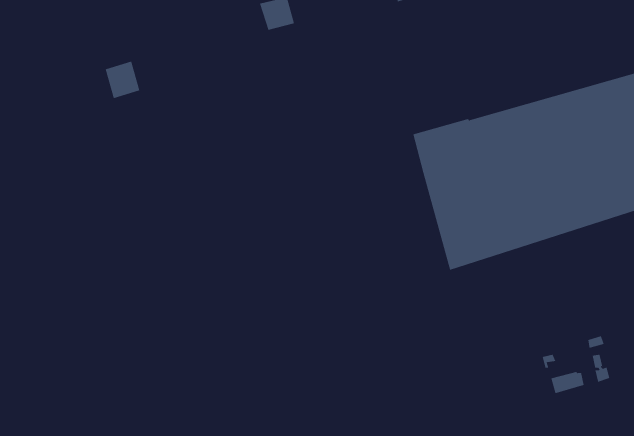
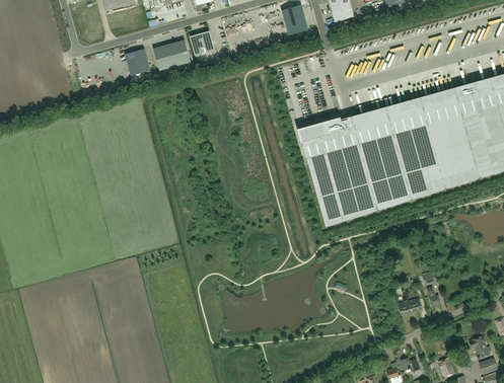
building: none -> [153,40,191,71]
building: [105,61,140,99] -> [125,49,150,76]

